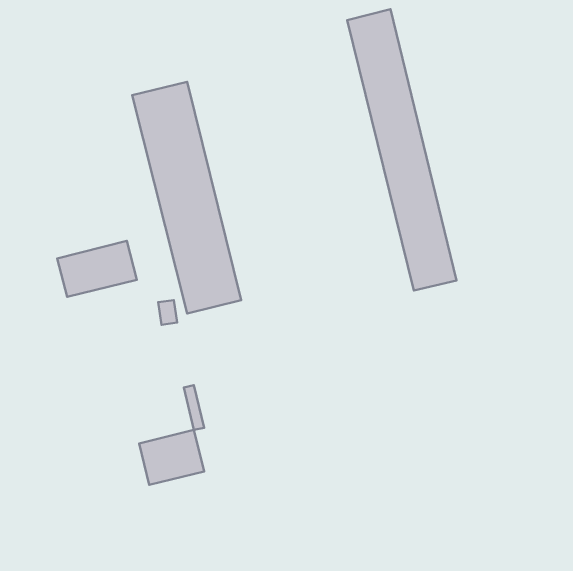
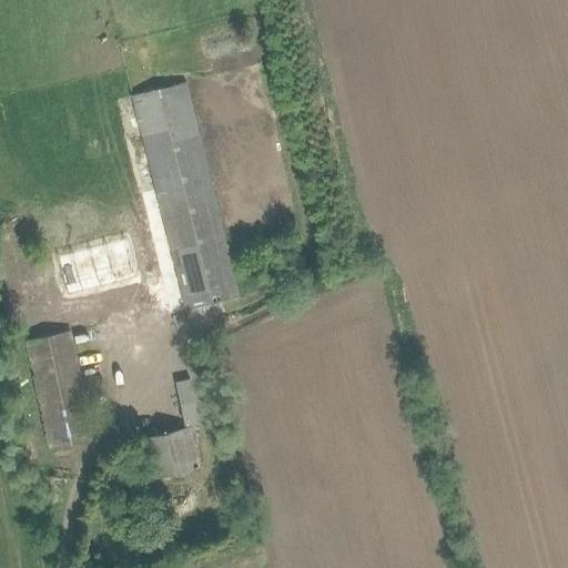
building: [347,9,457,291] -> none
building: none -> [22,329,94,449]

